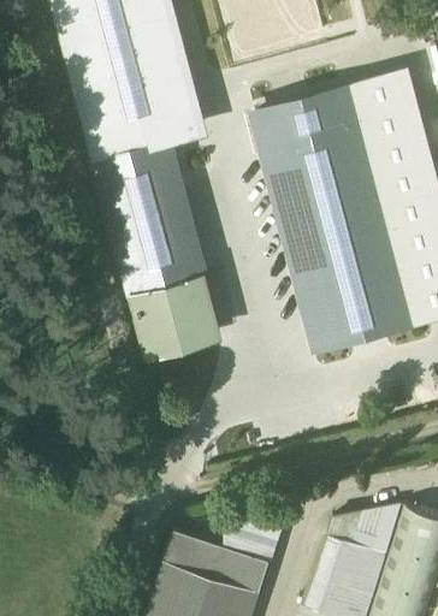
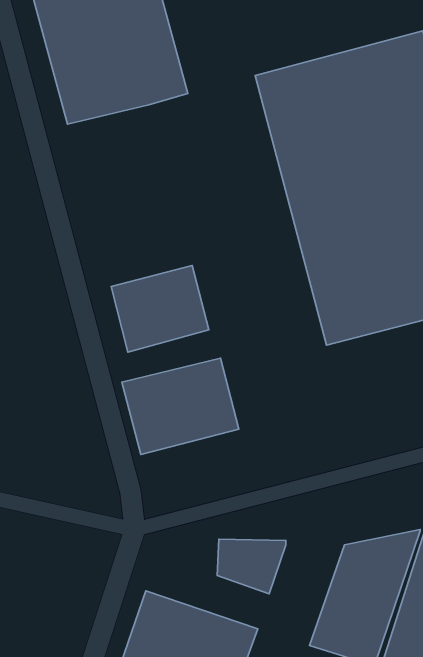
building: [97,137,205,294] -> none
building: none -> [122,358,239,454]
building: [165,526,271,588] -> none

